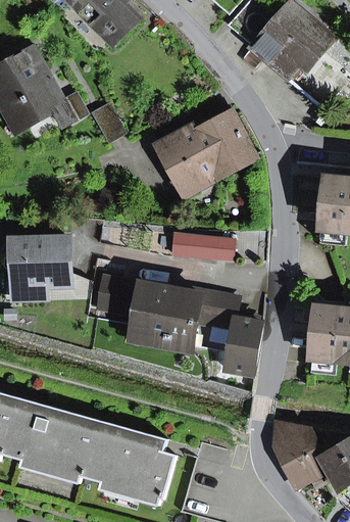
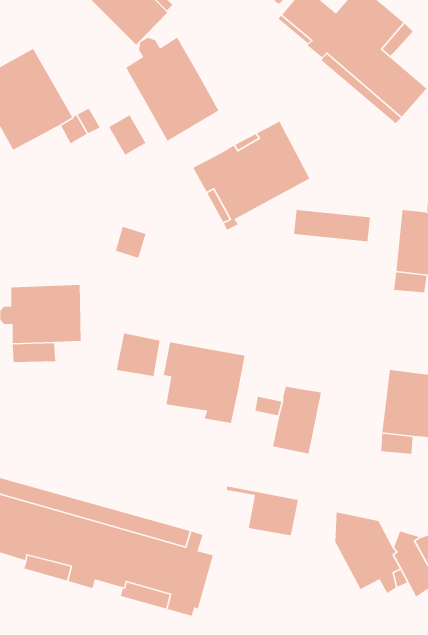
building: none -> [125,37,220,142]
building: [171,233,234,259] -> [293,209,371,242]
building: [126,282,169,349] -> none
building: [179,286,237,327] -> [226,485,299,536]

